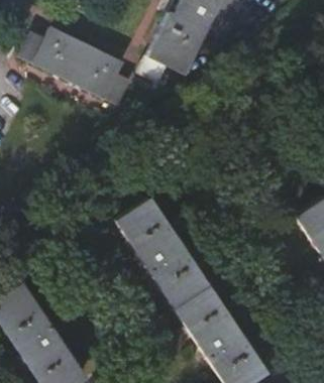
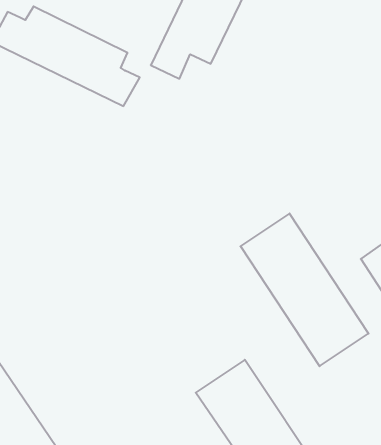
building: [116,202,211,314] -> [240,213,369,366]

